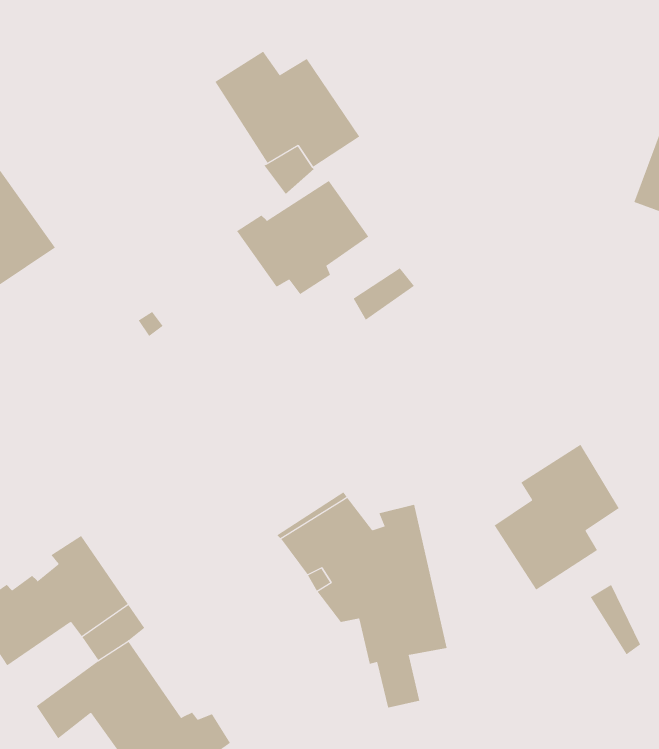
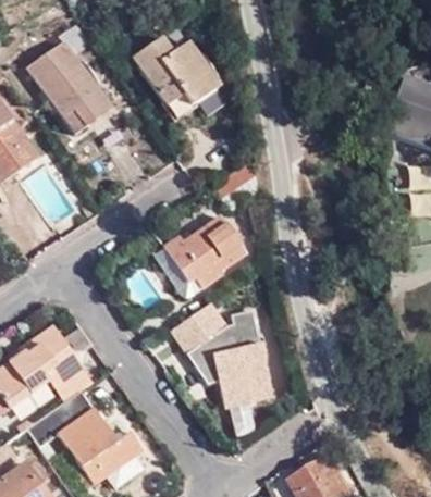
building: none -> [28,44,108,131]
building: [236,180,369,295] -> [163,218,243,286]
building: [494,444,620,591] -> none

